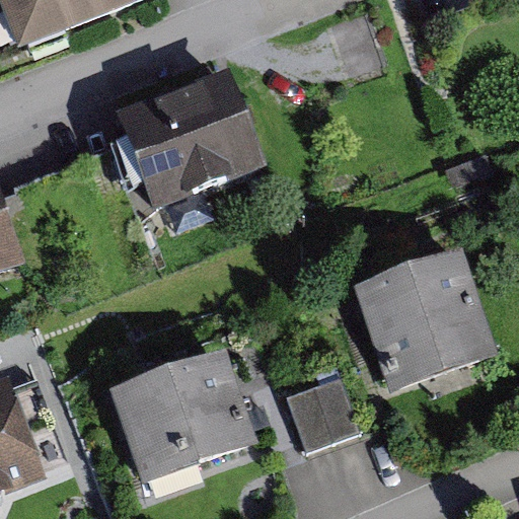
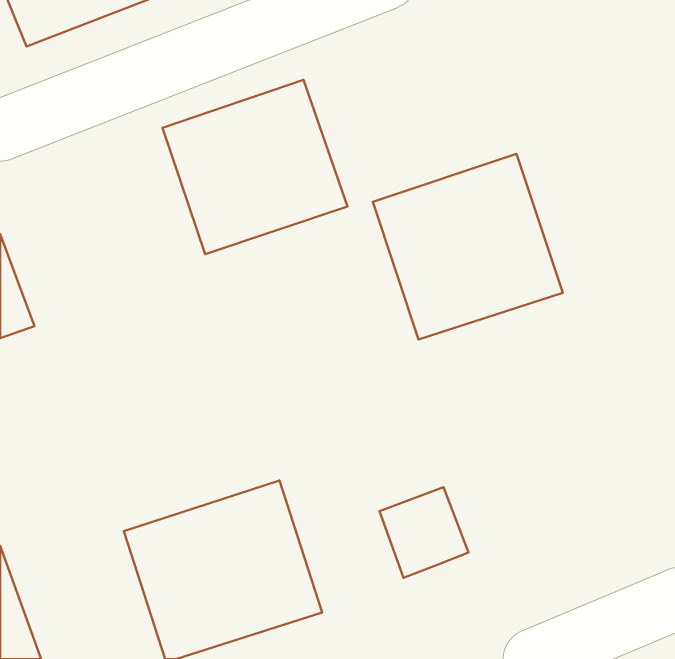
building: none -> [373,154,563,340]
building: [344,268,489,412] -> none

